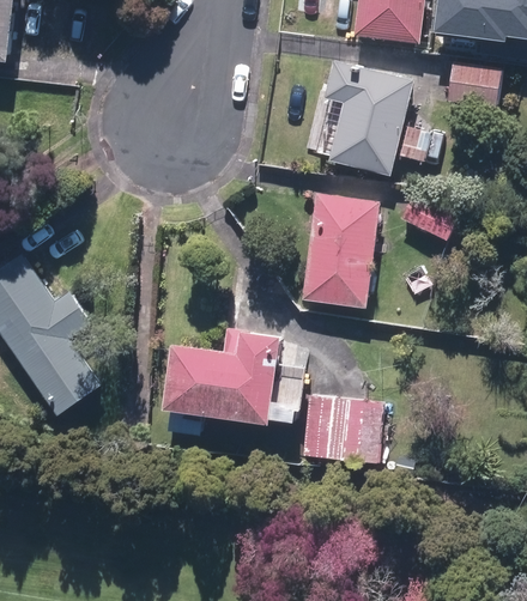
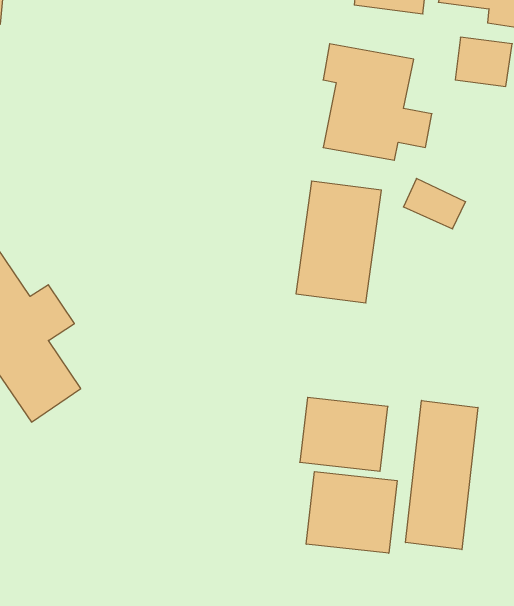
building: [159,326,280,426] -> none
building: none -> [406,400,478,550]
building: none -> [306,472,397,553]

